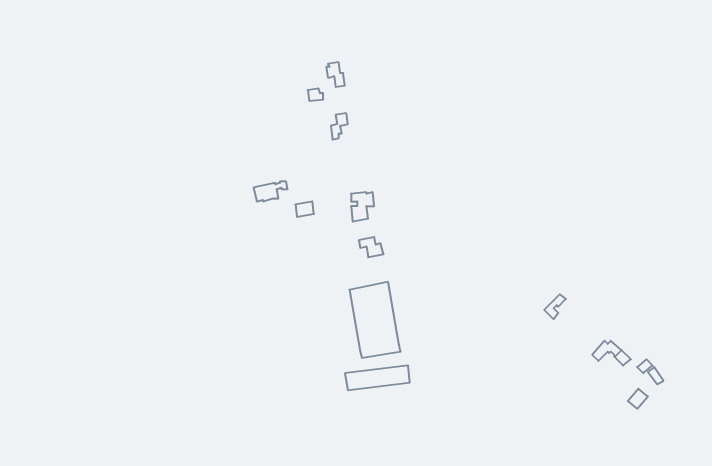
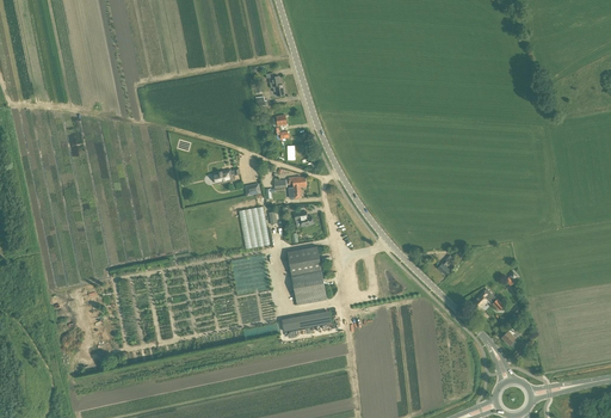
building: none -> [240,205,273,248]

